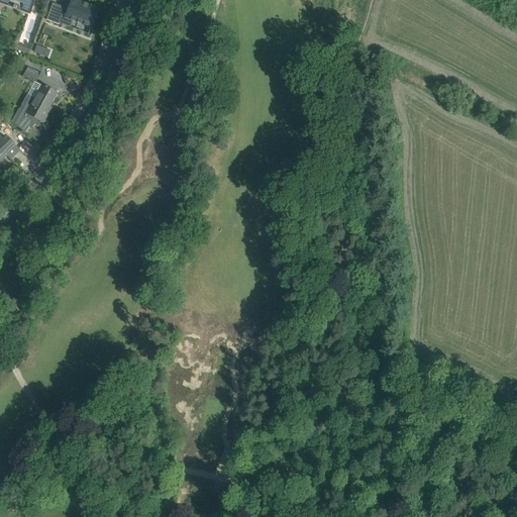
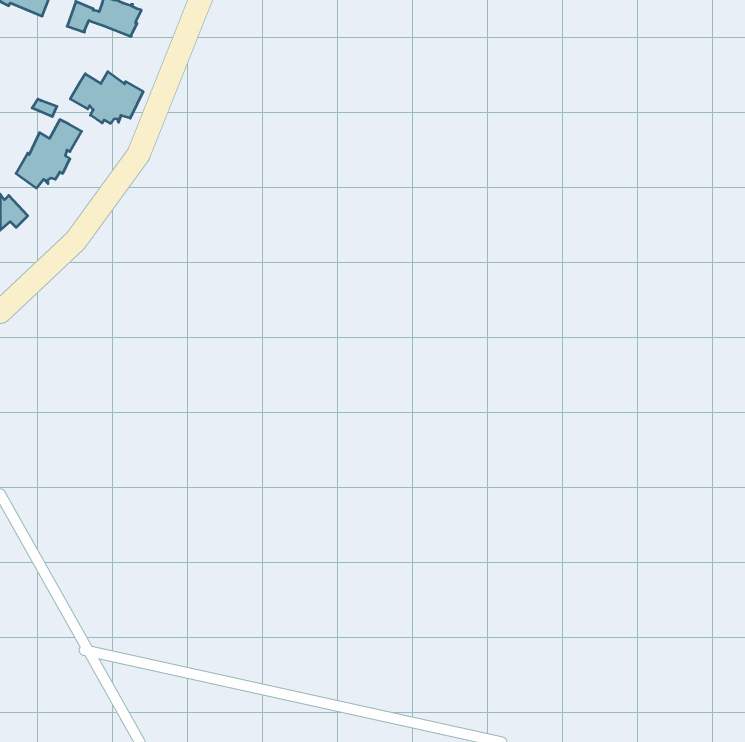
building: none -> [70,72,143,123]

